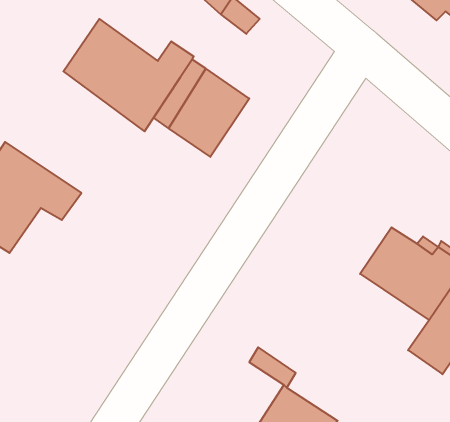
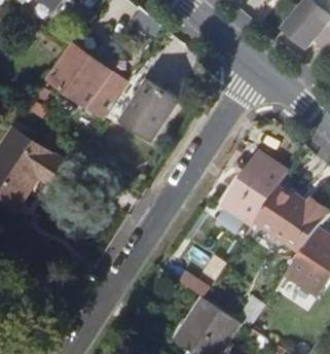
building: none -> [220,150,287,225]

